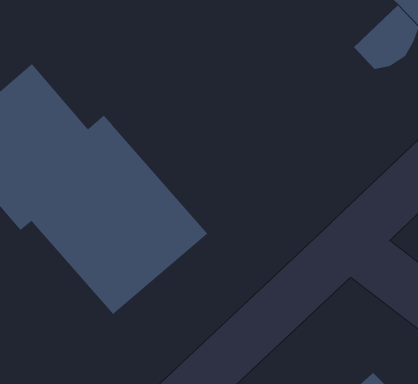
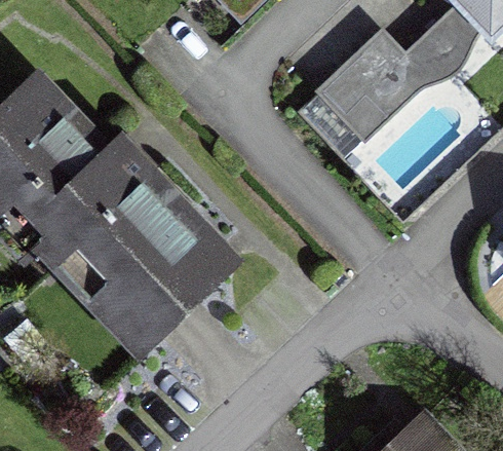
building: none -> [330,37,427,135]

